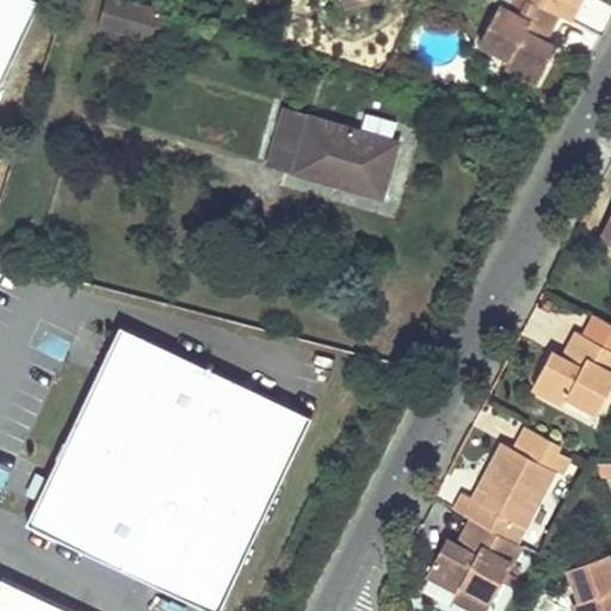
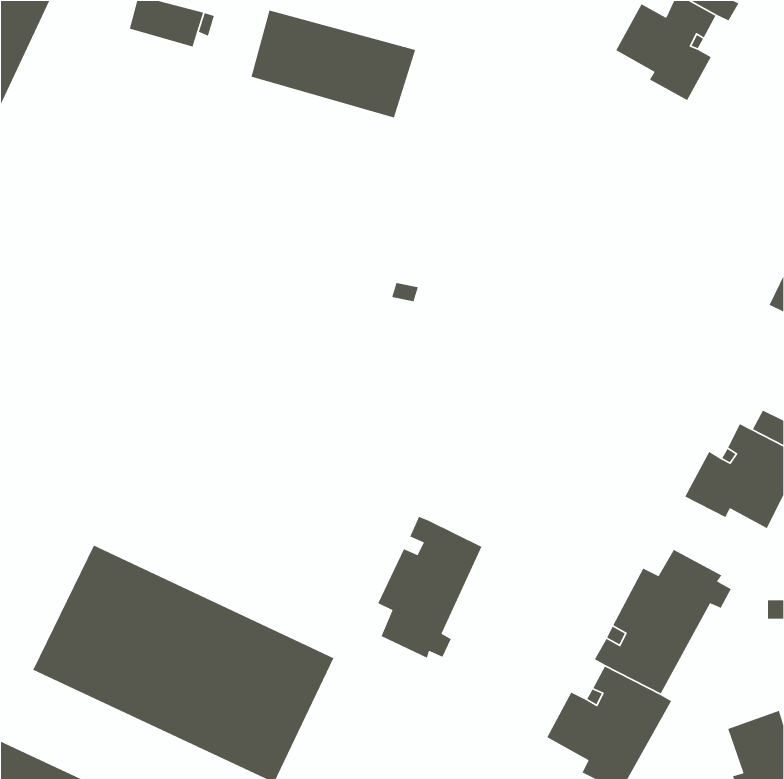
building: [270,113,399,198] -> [250,10,416,118]
building: [73,328,307,516] -> none
building: none -> [377,516,483,659]

